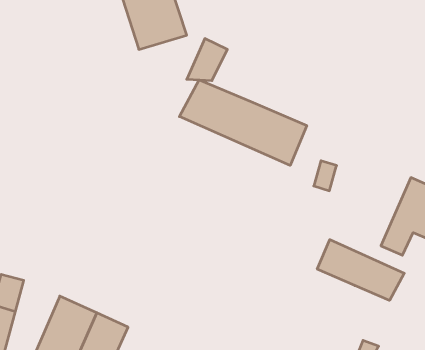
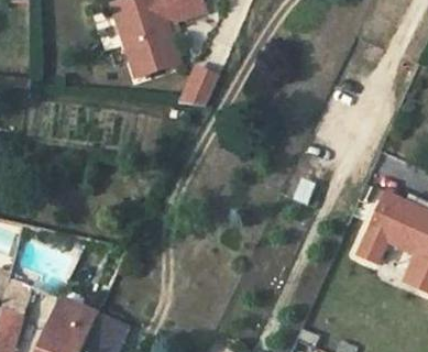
building: [179,80,307,165] -> none
building: [317,240,404,300] -> none

